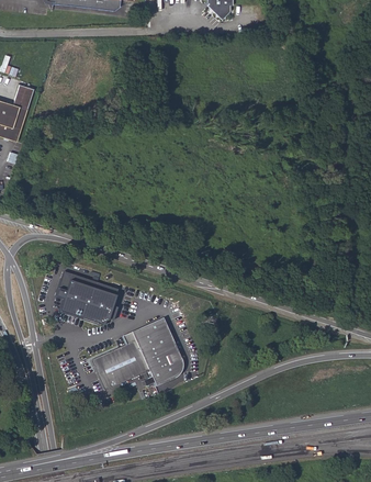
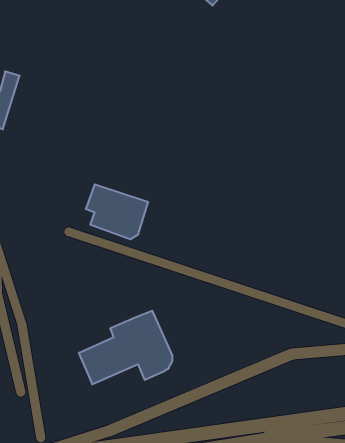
building: [57,271,119,325] -> [86,184,148,239]

